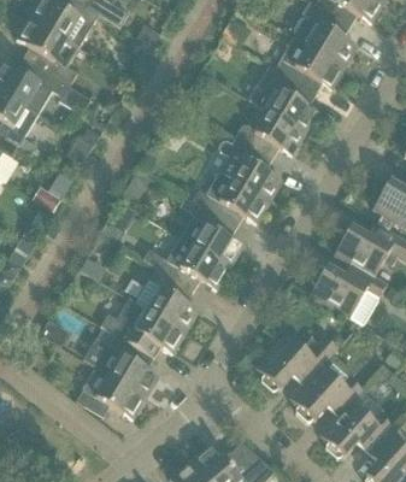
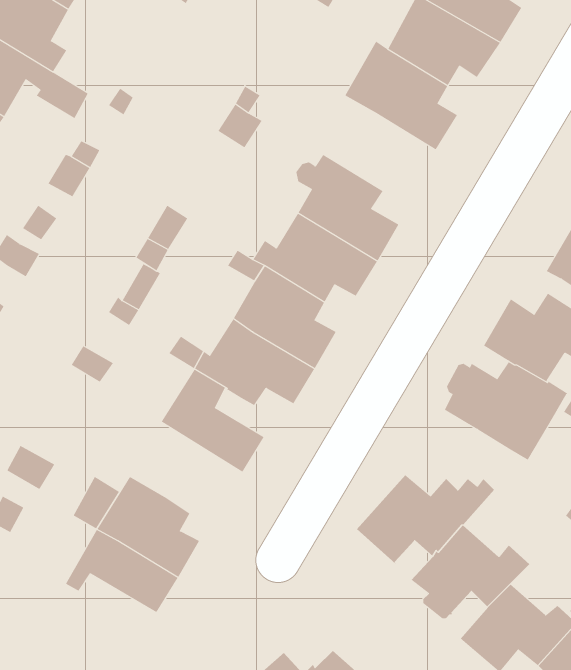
building: [236,110,306,158] -> none
building: [101,298,187,357] -> none

